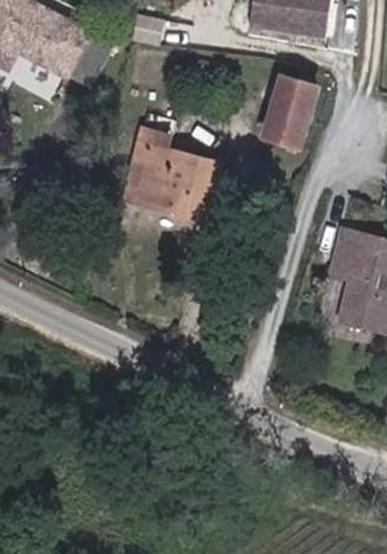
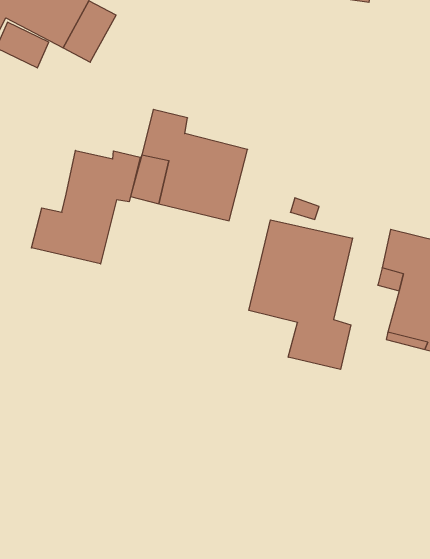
building: [264,75,315,146] -> none
building: none -> [31,150,140,264]
building: none -> [249,220,353,369]

